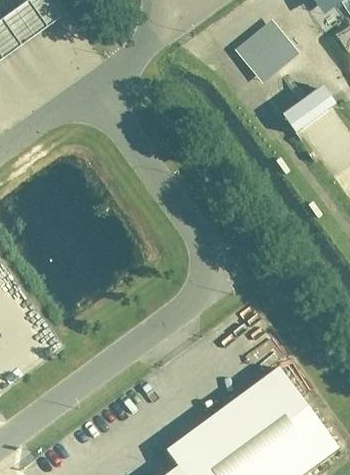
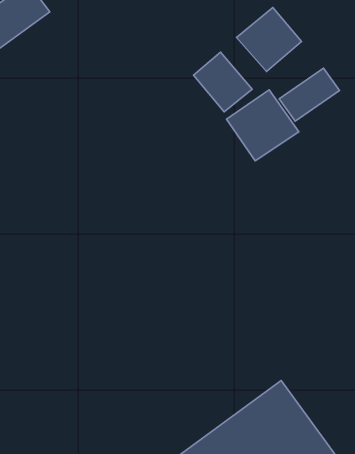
building: none -> [193,52,252,112]
building: none -> [227,90,299,161]

